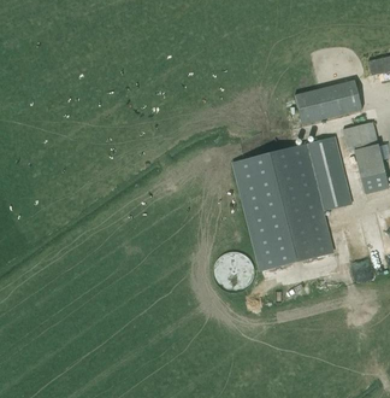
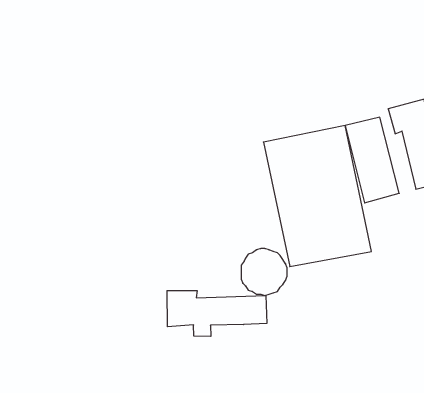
building: [295,81,362,124] -> none
building: none -> [167,291,267,336]

